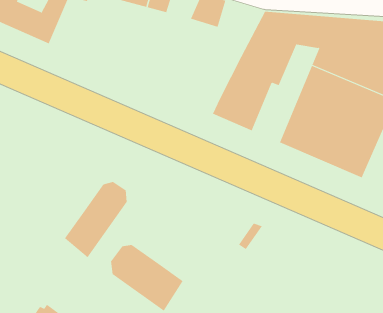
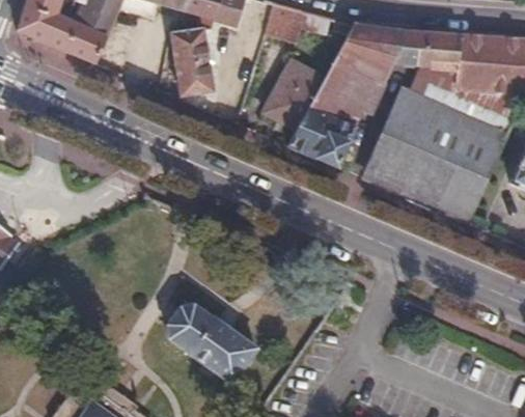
building: none -> [167,27,212,95]
building: none -> [264,61,323,129]
building: [64,181,127,258] -> none

